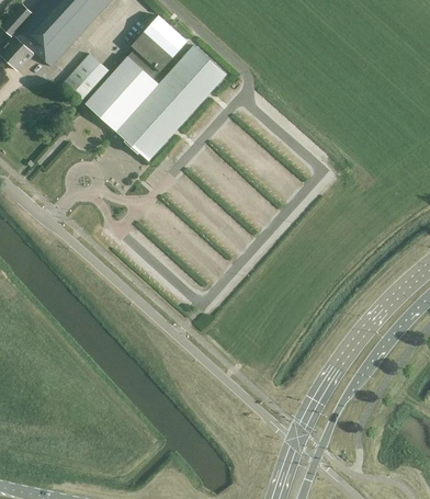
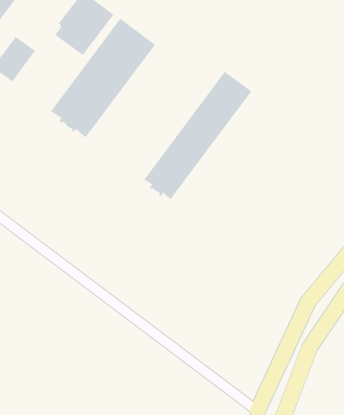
building: [86,56,158,131] -> none
building: none -> [143,71,252,200]

